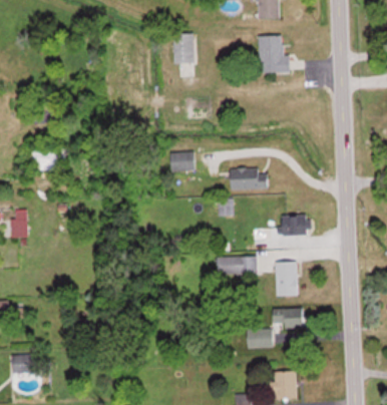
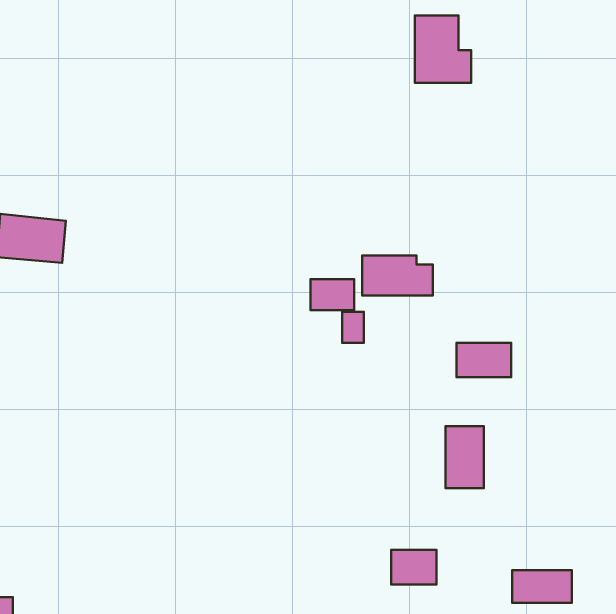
building: [172,35,194,63] -> none
building: [169,152,194,169] -> [311,279,354,310]
building: [217,257,256,274] -> none
building: [271,309,304,327] -> [512,570,572,603]

